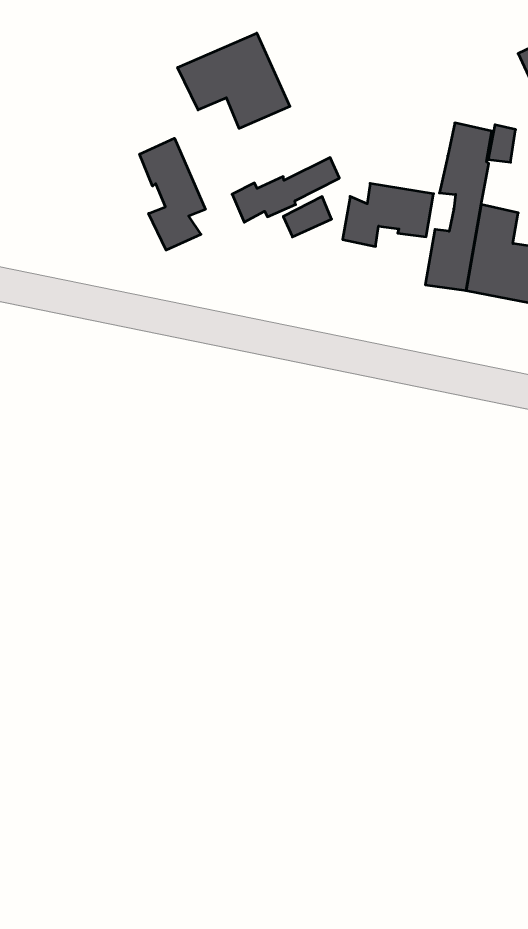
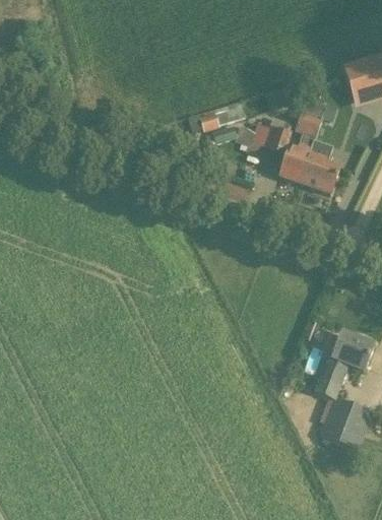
building: [178,33,290,128] -> none
building: [140,138,205,250] -> none

